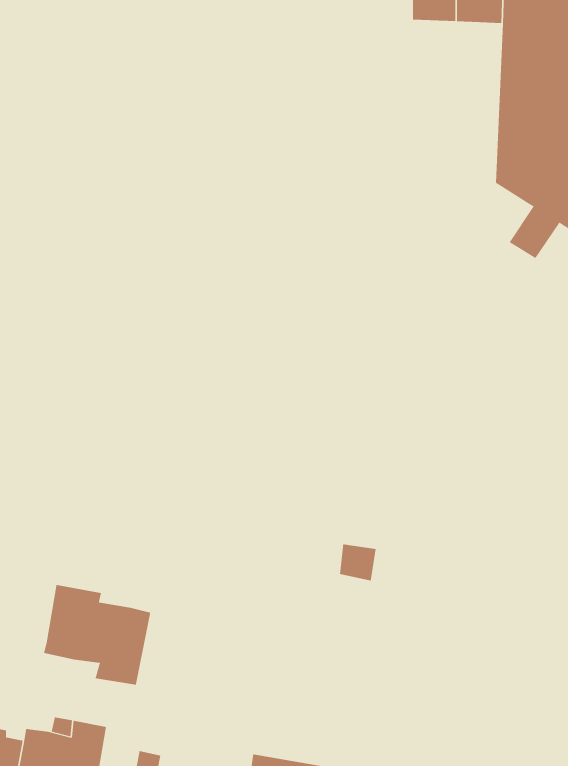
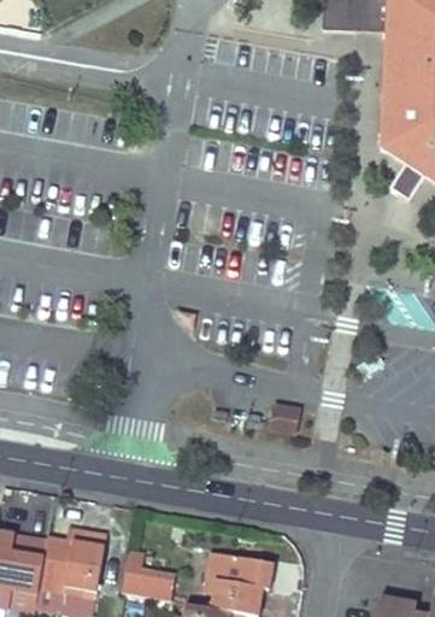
building: [44,584,151,686] -> none

